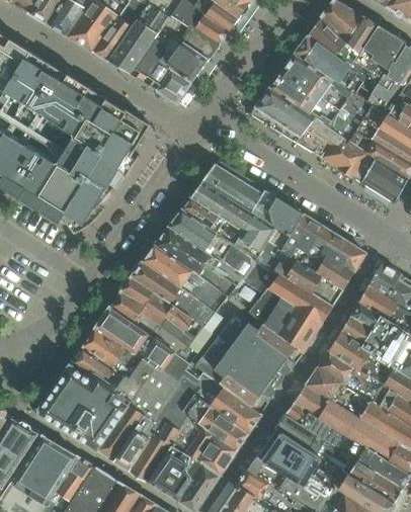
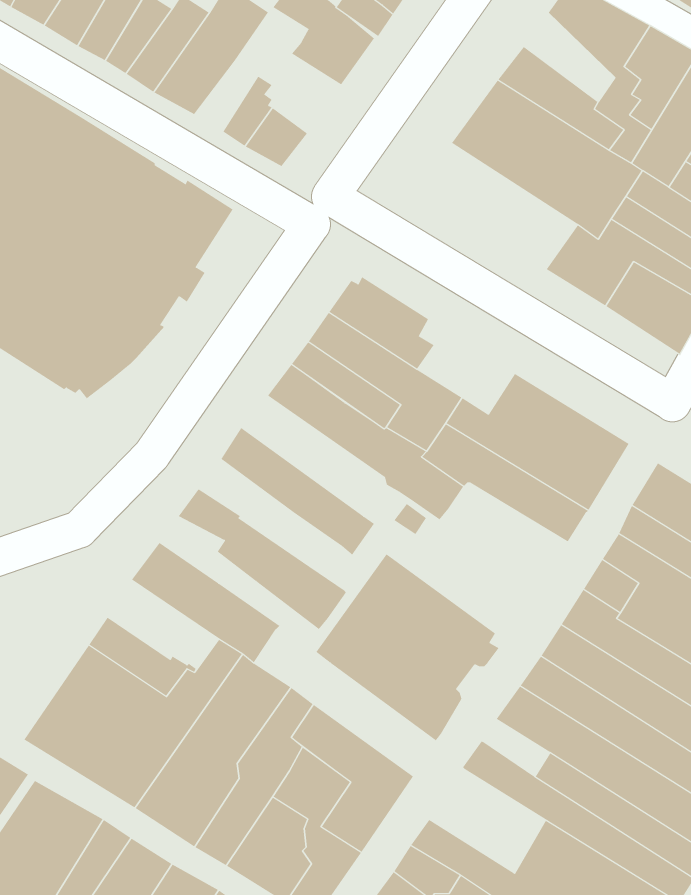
building: [309,17,358,66] -> none
building: [167,26,210,83] -> none
building: [130,44,164,82] -> none
building: [251,88,338,157] -> none
building: [251,184,304,236] -> none
building: [155,226,241,295] -> none
building: [132,260,223,332] -> none
building: [249,273,333,353] -> none
building: [110,291,163,337] -> none
building: [82,326,143,374] -> none
building: [162,353,262,433] -> none
building: [257,429,321,486] -> none

